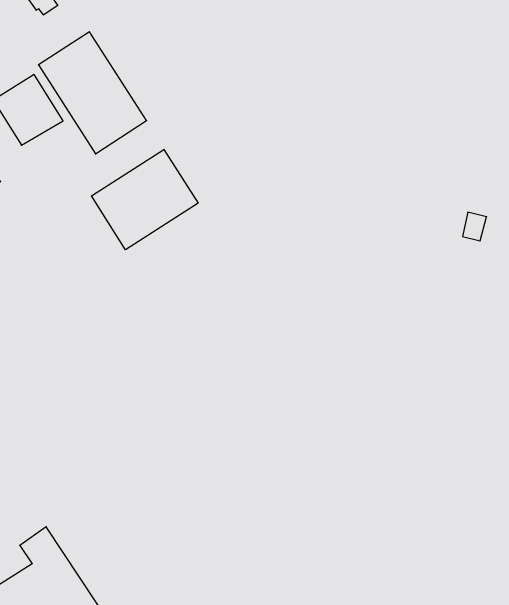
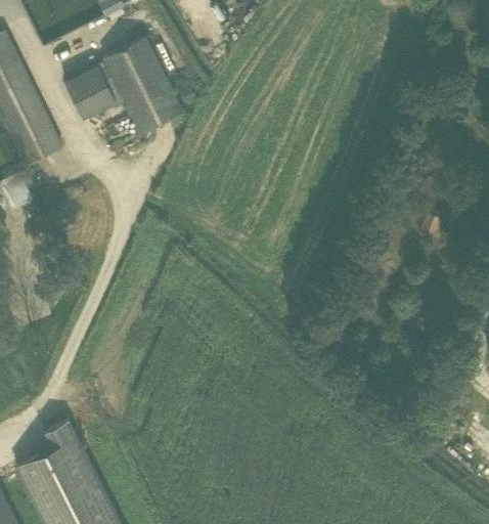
building: [91,149,198,250] -> none

